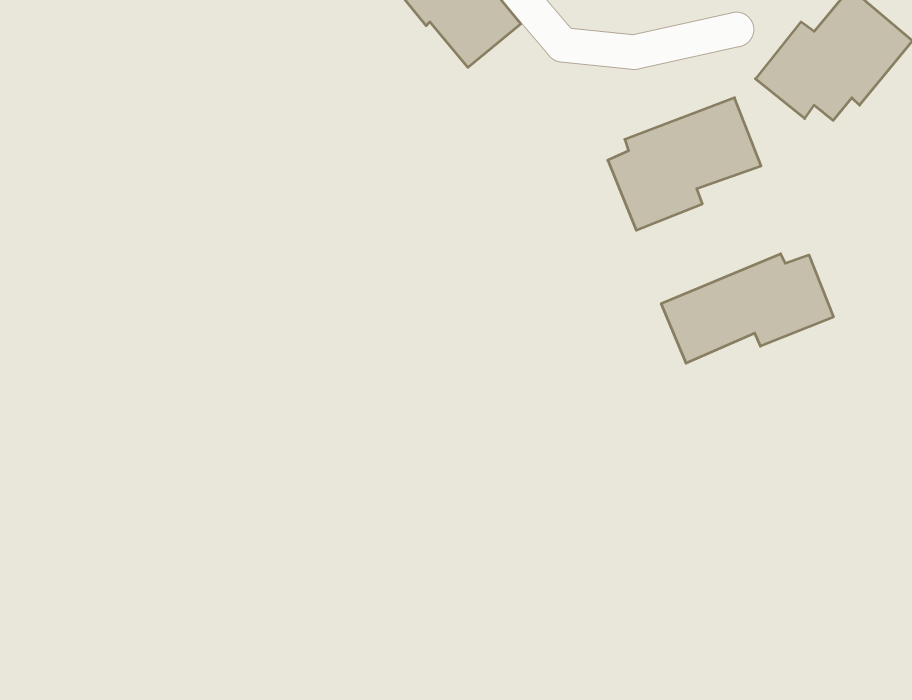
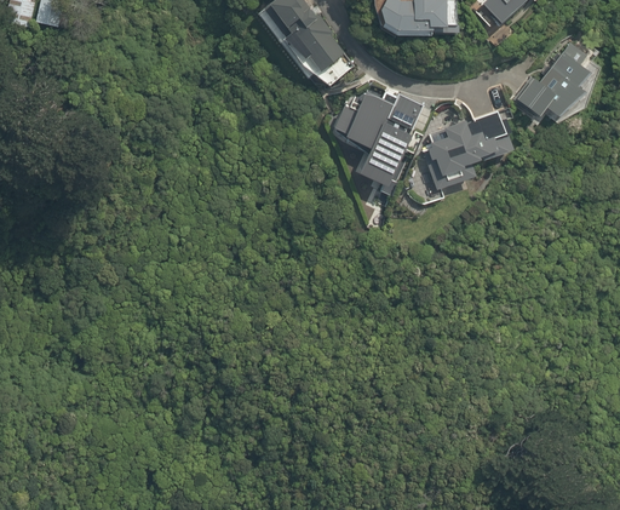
building: none -> [332,86,424,193]
building: [661,254,833,363] -> none

